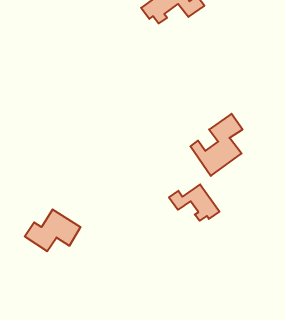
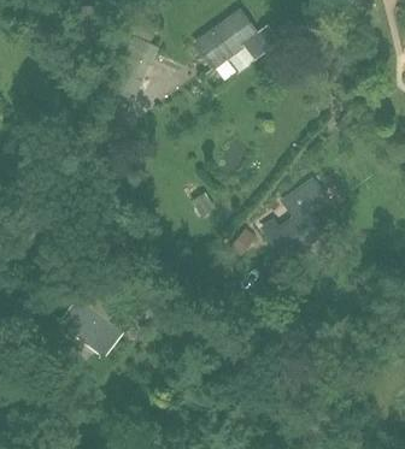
building: [169,184,219,221] -> none

